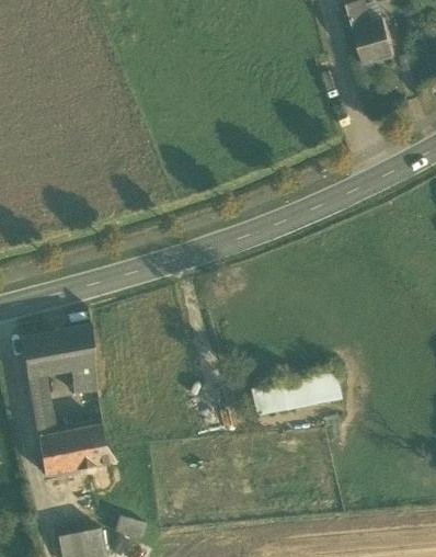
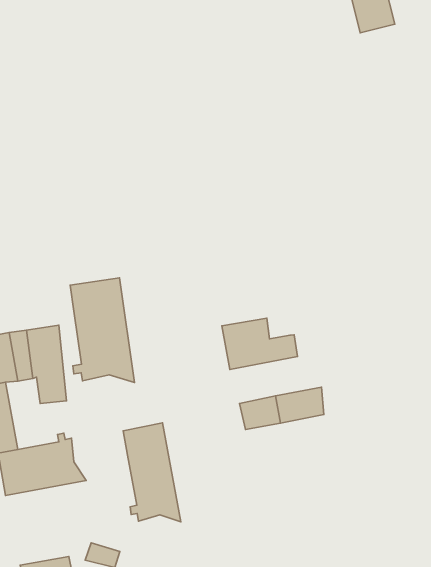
building: none -> [70,278,135,383]
building: none -> [222,318,297,369]
building: none -> [123,423,181,522]

